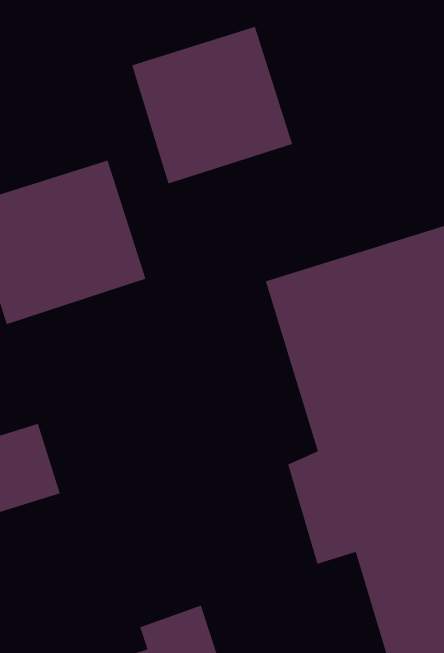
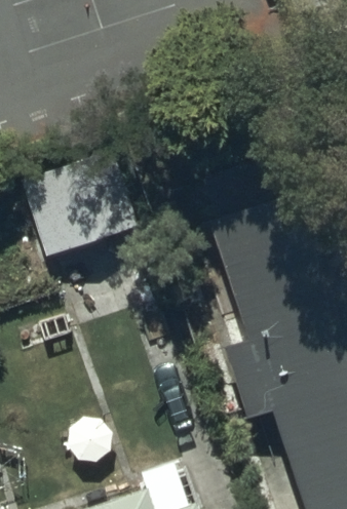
building: [131,26,293,184] -> none

